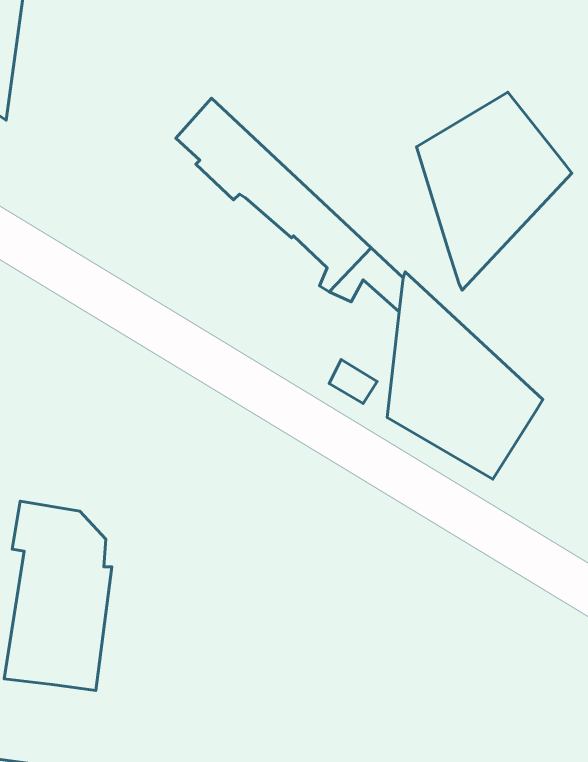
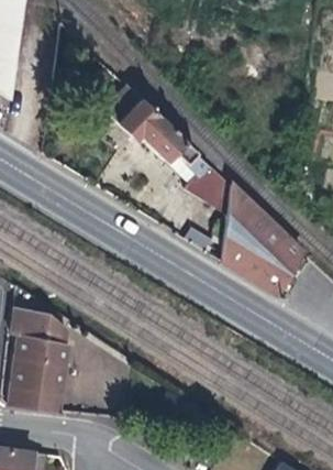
building: [417,92,572,290] -> none

